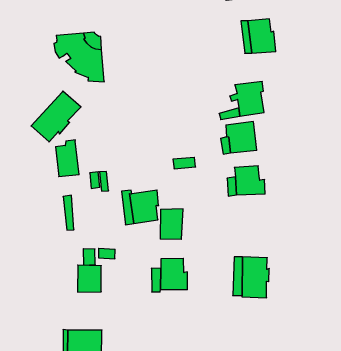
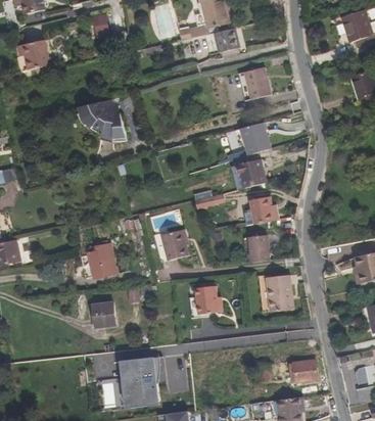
building: [31,91,81,142] -> none
building: [56,140,79,177] -> [87,243,110,277]
building: [160,209,183,239] -> [247,233,269,262]
building: [78,265,101,292] -> [92,301,115,327]

